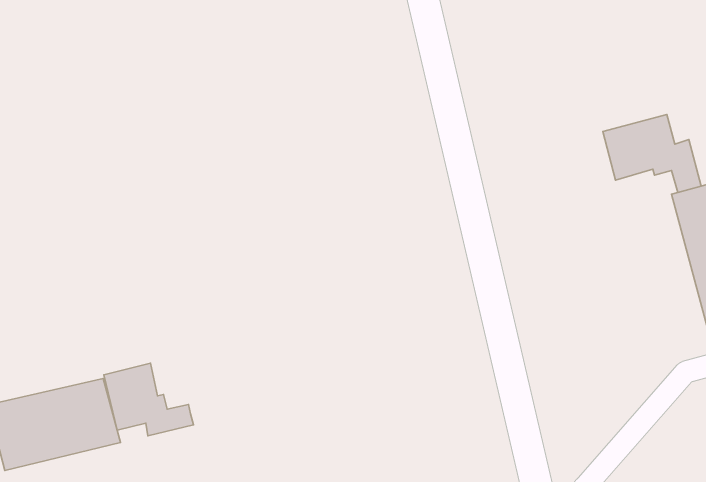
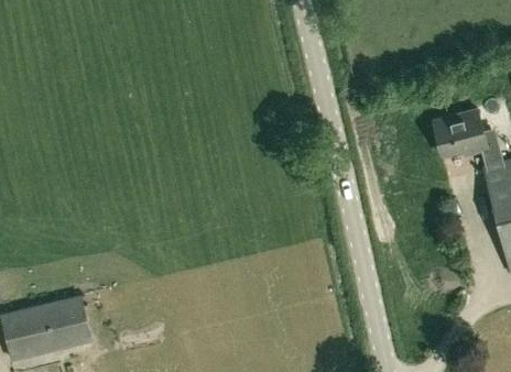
building: [104,363,193,436] -> none

